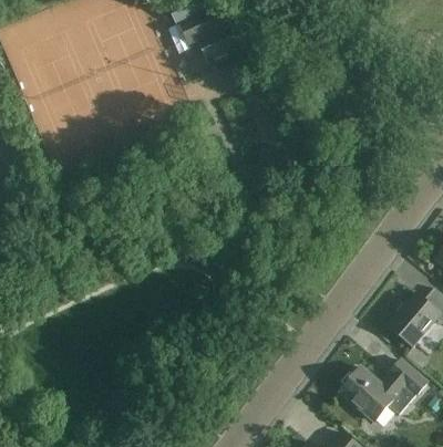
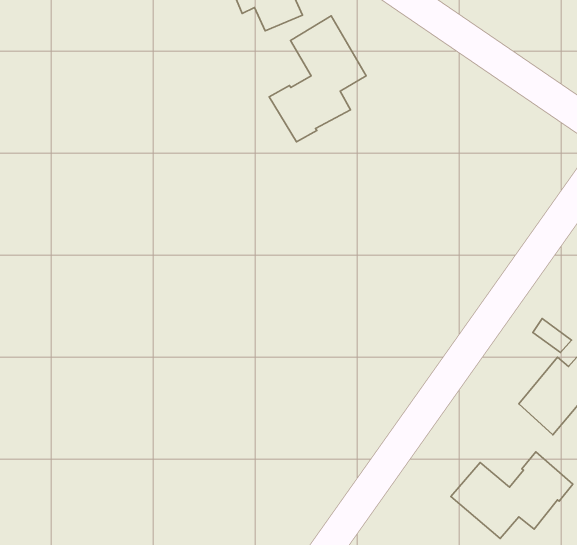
building: none -> [269,16,366,142]

